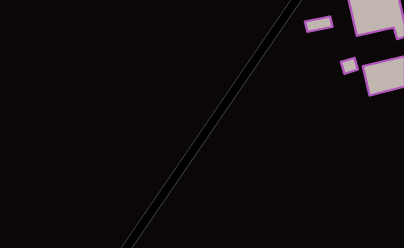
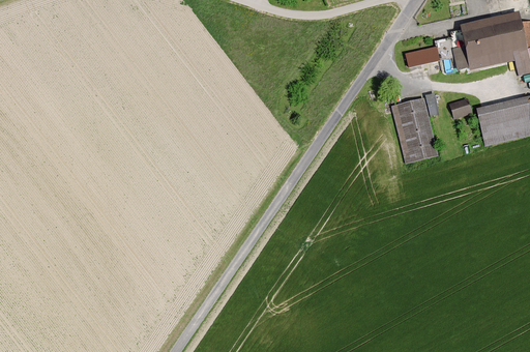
building: none -> [390,97,438,164]

